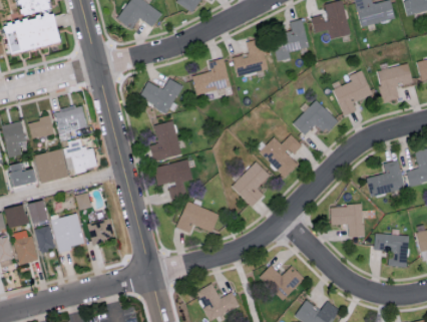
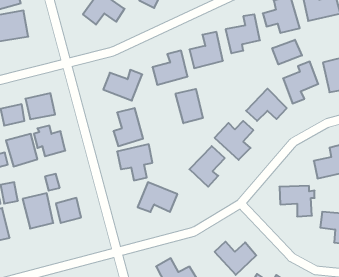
building: none -> [272,40,302,64]
building: none -> [176,89,203,123]
building: [35,226,54,253] -> none

